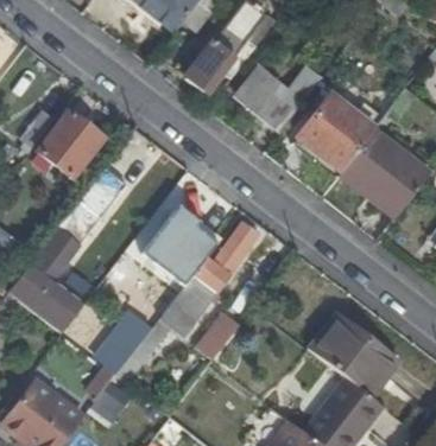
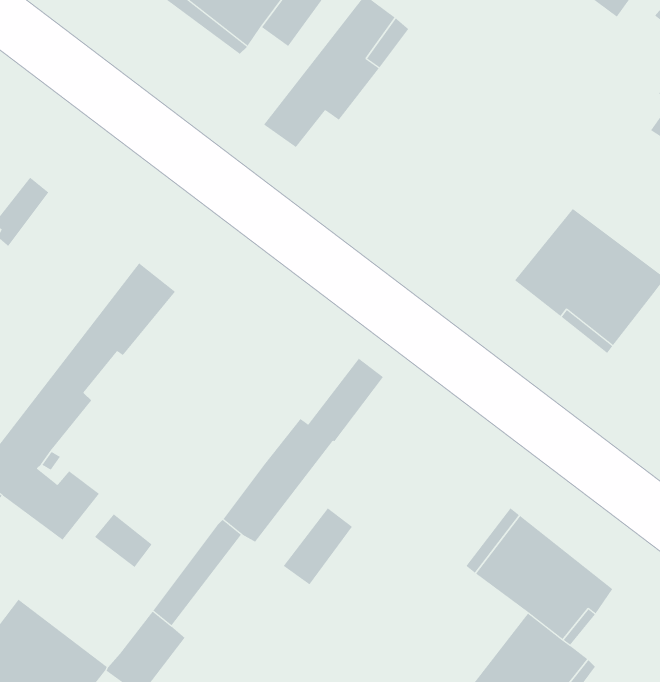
building: [238,64,322,128] -> none
building: [291,93,374,177] -> none
building: [37,108,106,177] -> none
building: [144,211,219,285] -> none

